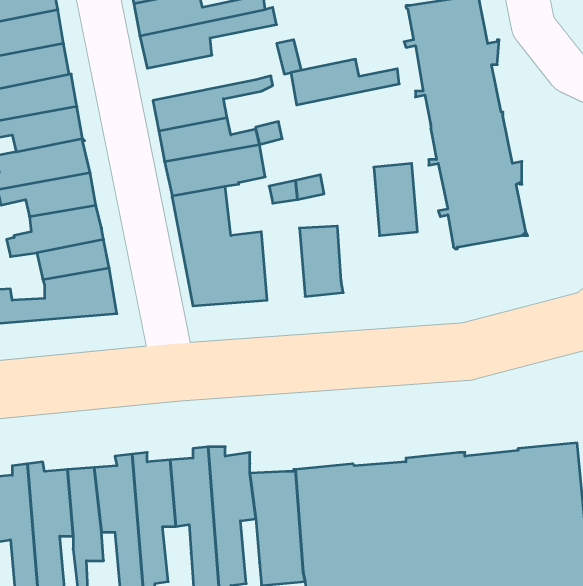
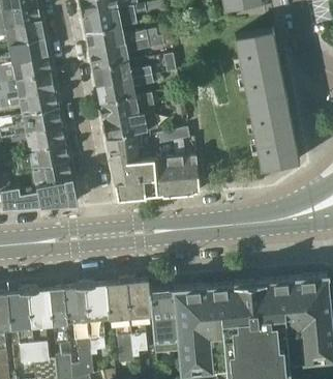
building: [291,59,399,105] -> [93,63,152,88]
building: [374,163,417,236] -> [155,157,179,197]

